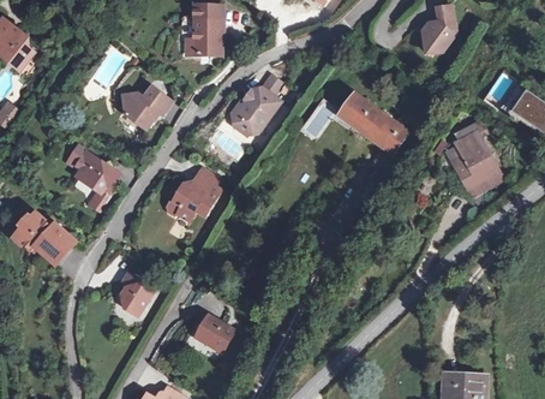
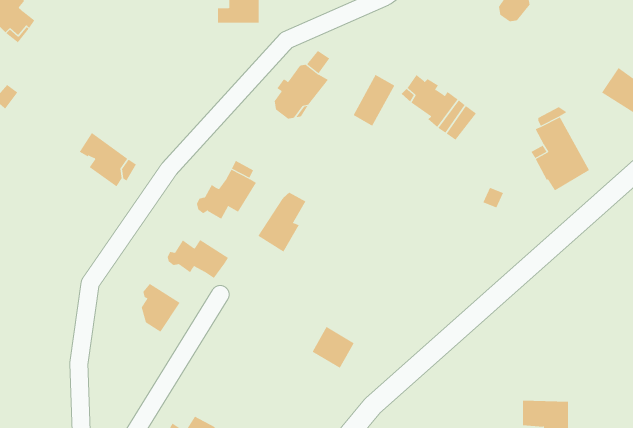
building: [122,85,170,127] -> none
building: none -> [257,192,306,252]
building: [14,212,72,263] -> none
building: none -> [167,239,229,279]
building: [196,314,232,350] -> [312,326,354,369]

